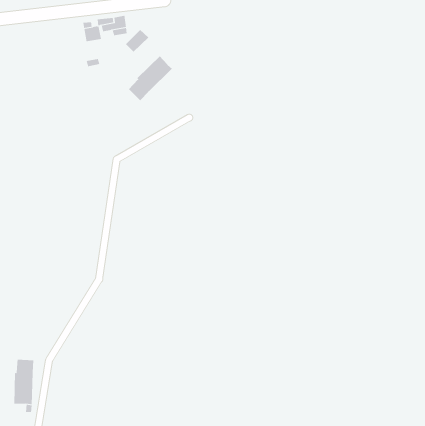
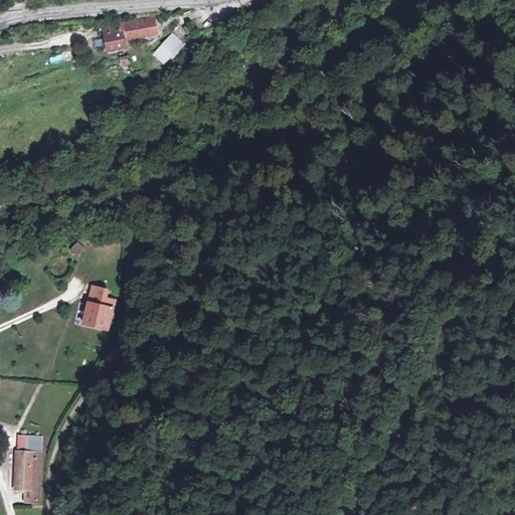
building: [128,55,173,101] -> none
building: none -> [84,294,115,327]

